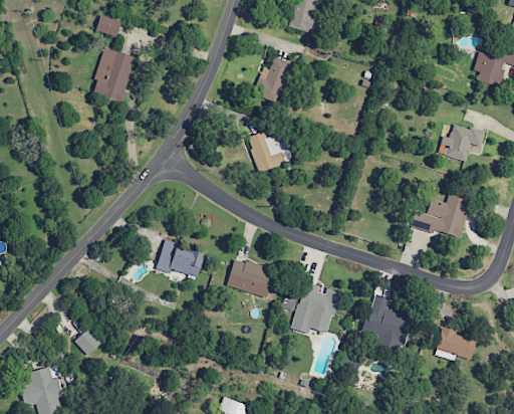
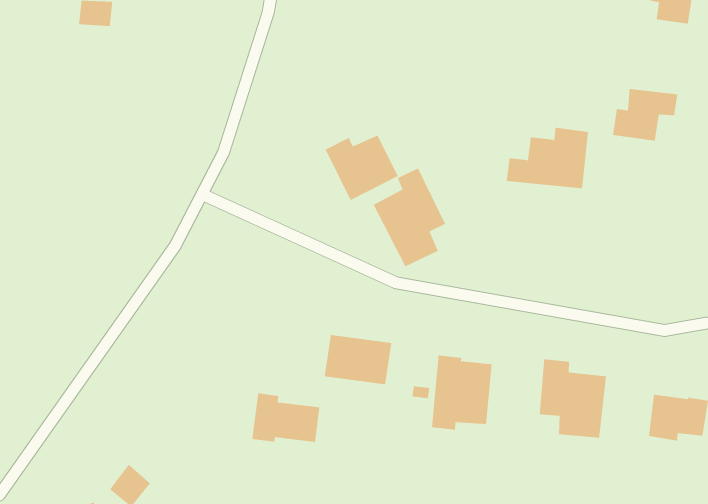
building: [91,47,136,102] -> none
building: [257,56,292,101] -> none
building: none -> [373,167,446,267]
building: [411,195,470,238] -> [506,127,589,189]
building: [156,239,204,277] -> [252,393,320,443]

